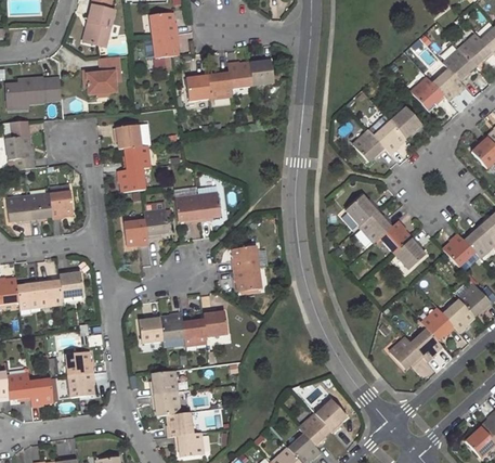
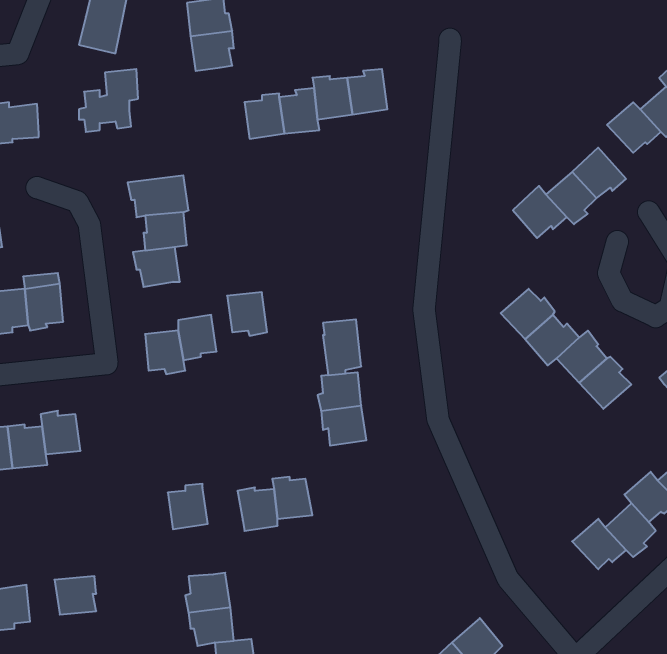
building: [196,185,220,220] -> [323,319,361,375]
building: [159,311,184,339] -> none
building: [65,350,92,374] -> none

